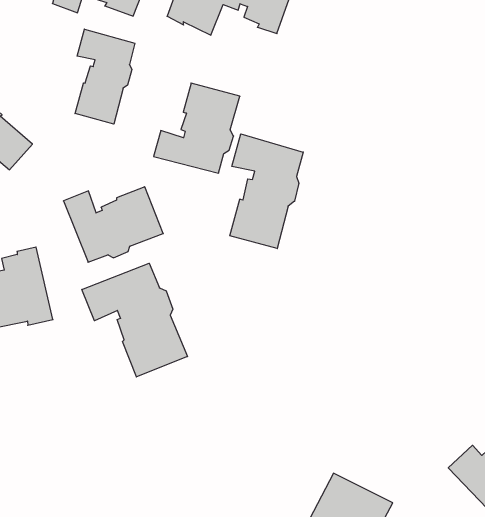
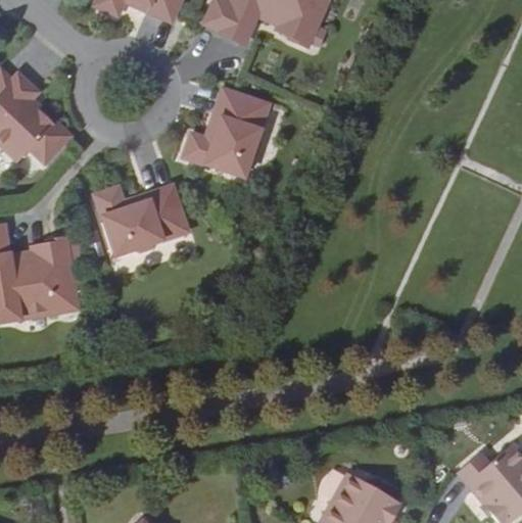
building: [75,29,135,124] -> none
building: [230,134,303,249] -> none
building: [82,263,187,377] -> none

